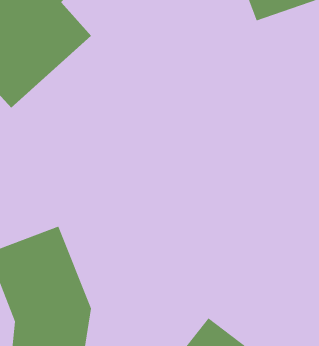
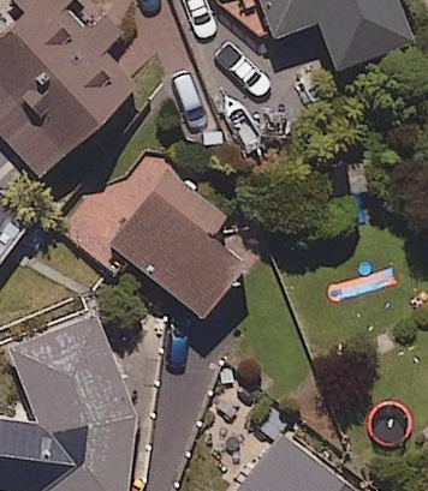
building: none -> [111,192,245,322]

